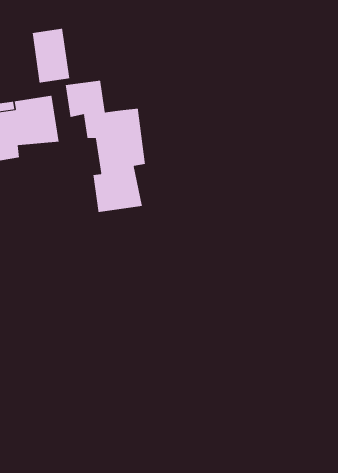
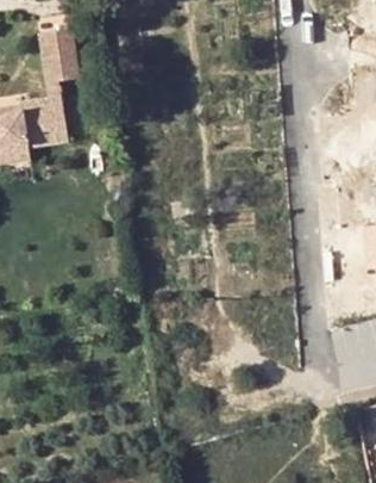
building: [65,80,145,213] -> none

